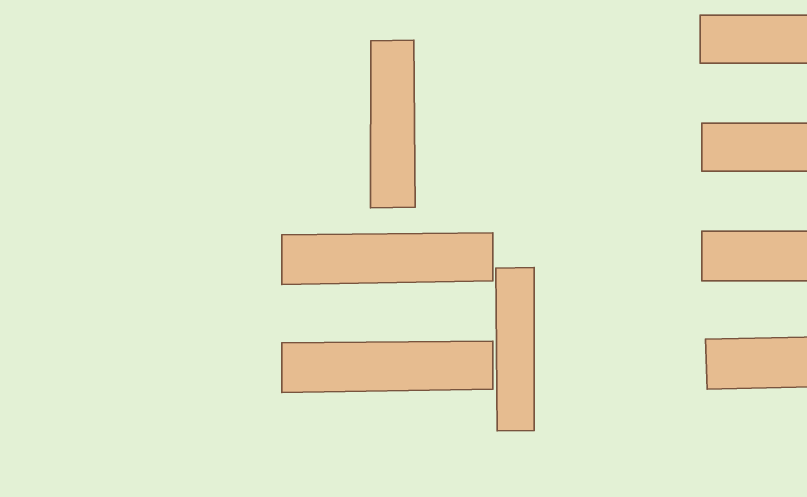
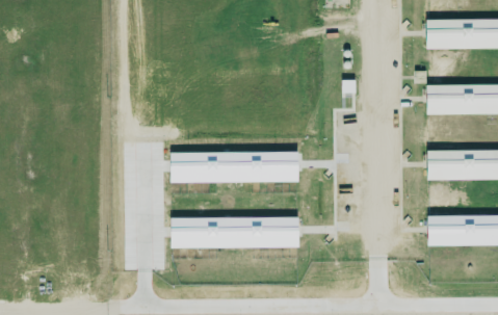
building: [371,40,415,208] -> none
building: [496,268,534,431] -> none

